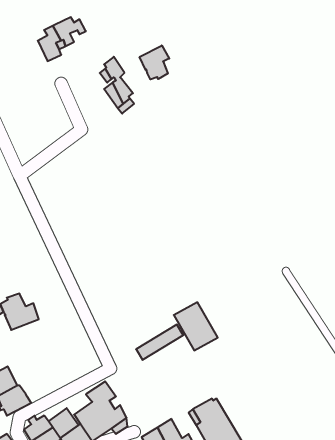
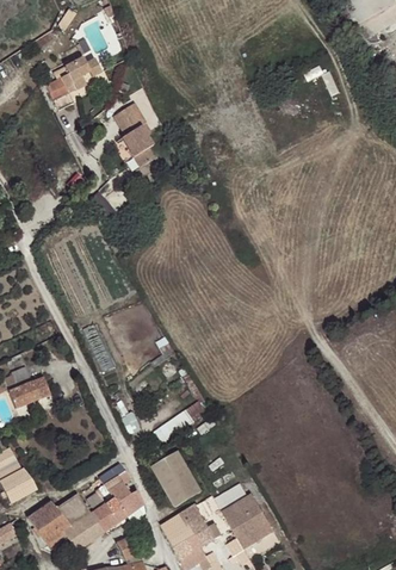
building: [140,45,169,79] -> none
building: [174,302,218,350] -> [154,452,203,506]

